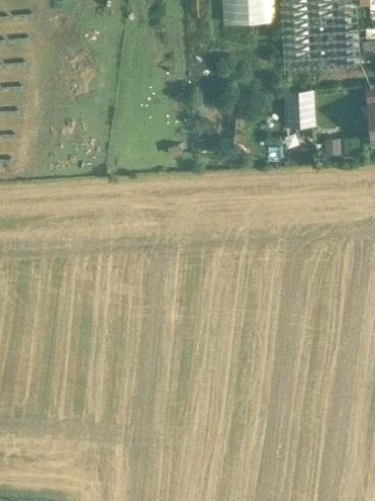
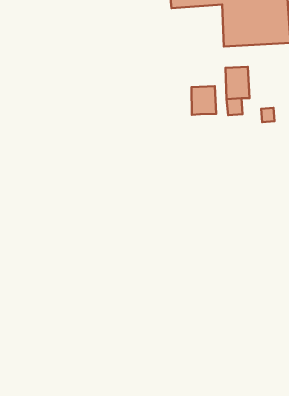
building: none -> [192,86,216,115]

